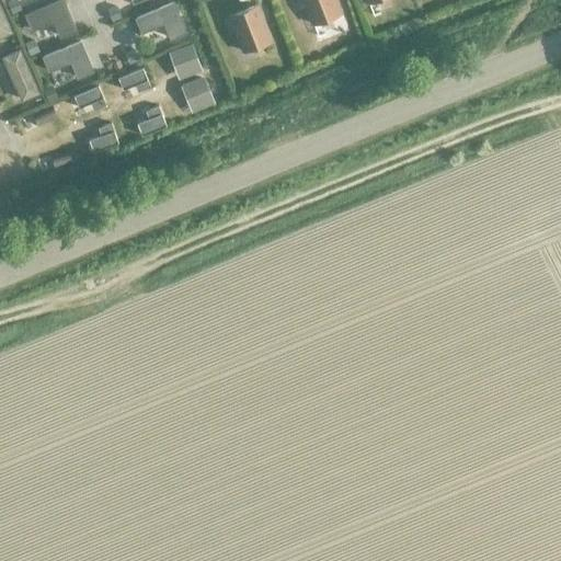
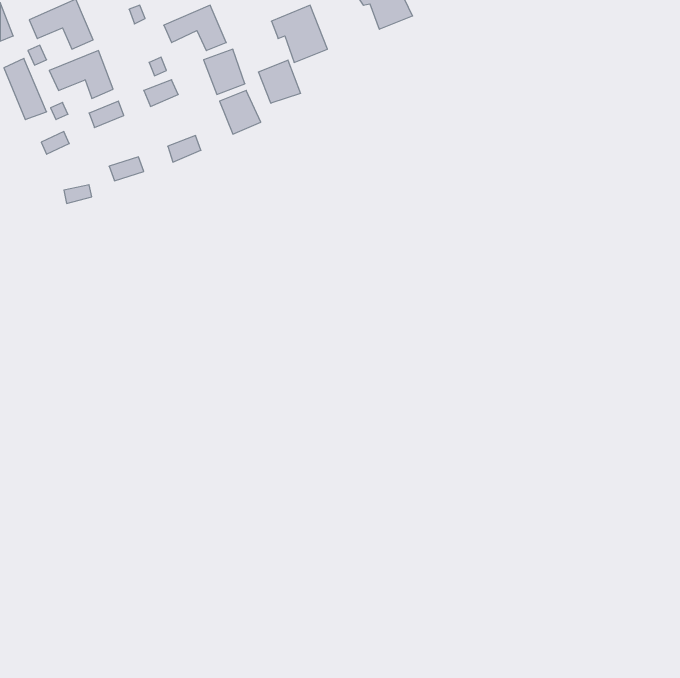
building: none -> [258,60,301,103]

